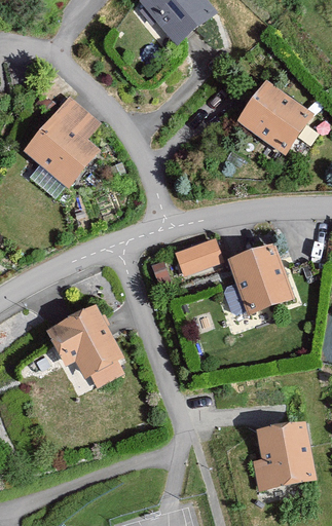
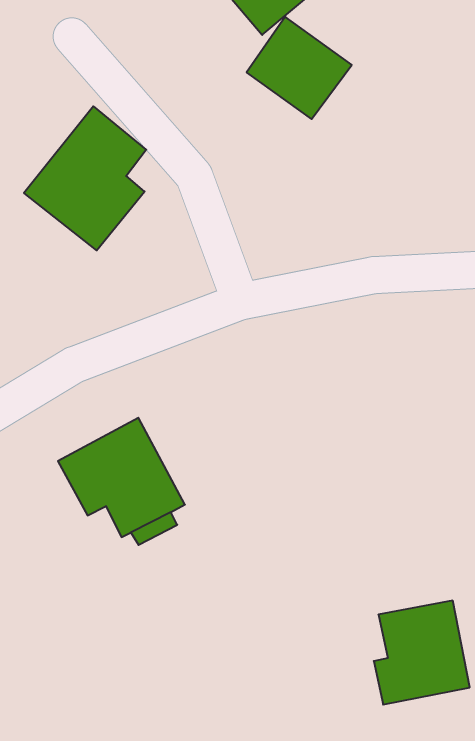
building: [238,81,308,149] -> [247,17,352,119]
building: [176,239,219,273] -> none
building: [226,245,295,316] -> none

